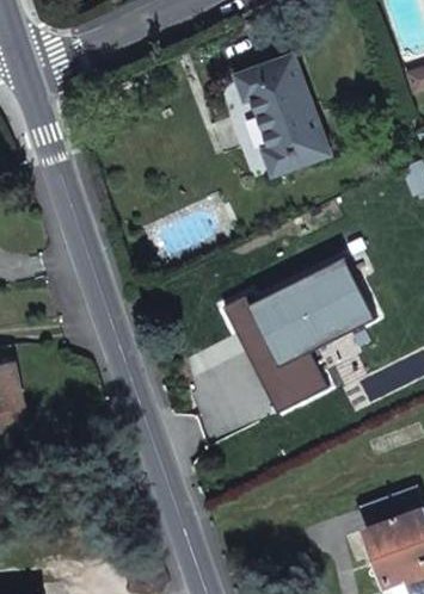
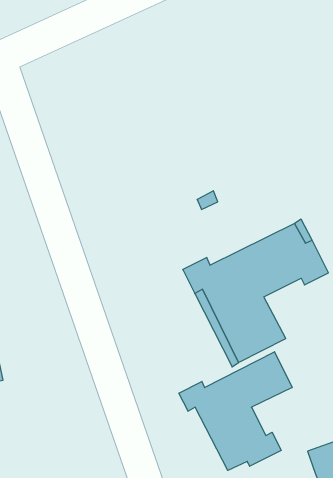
building: [235,56,328,175] -> none
building: none -> [179,352,292,470]

